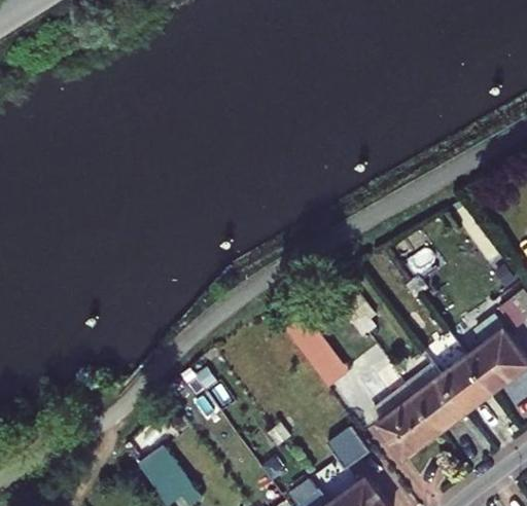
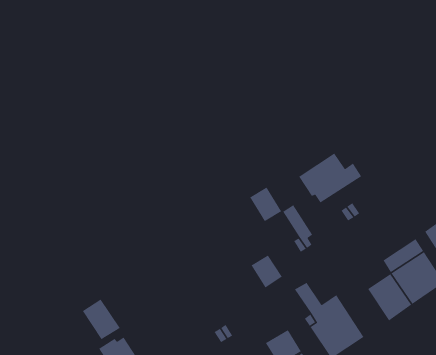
building: none -> [298,152,362,204]
building: [286,316,325,357] -> [249,187,282,222]
building: [407,365,468,432] -> none
building: none -> [82,298,121,340]

